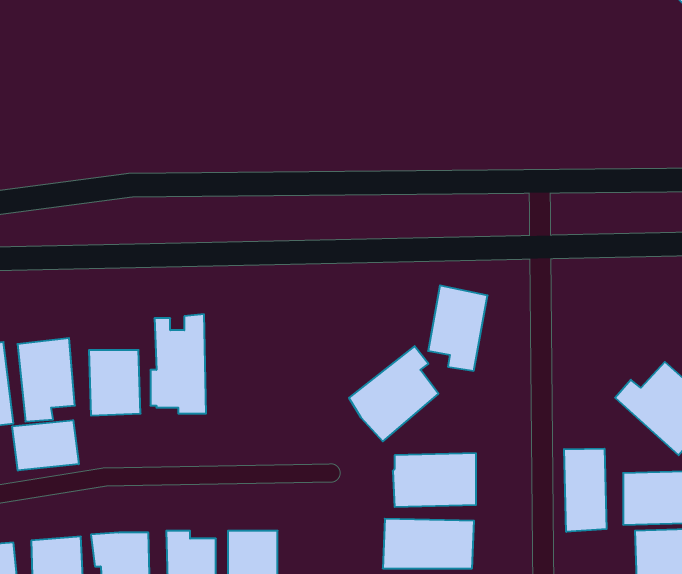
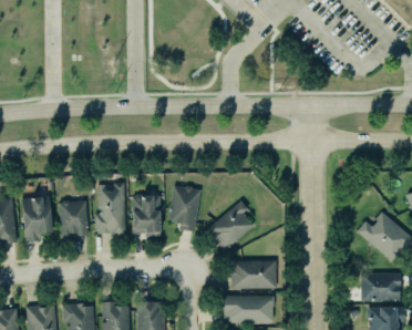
building: [428,285,488,371] -> [168,185,202,233]
building: none -> [133,196,162,235]
building: [12,420,79,471] -> none
building: [564,449,607,532] -> none

